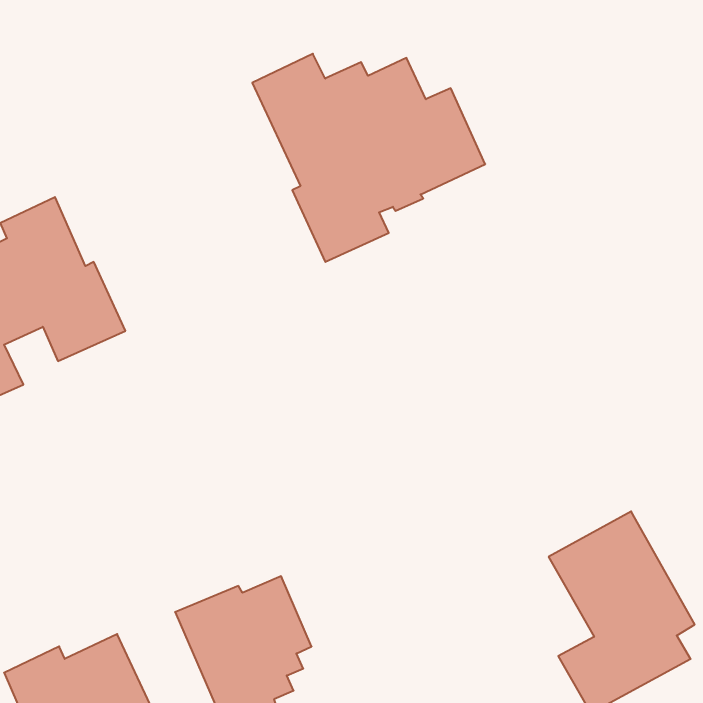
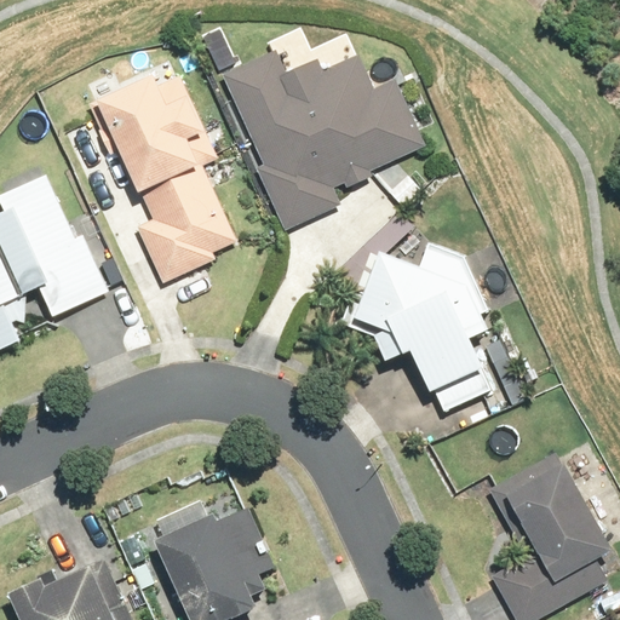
building: none -> [90,71,231,282]
building: none -> [340,245,490,412]

